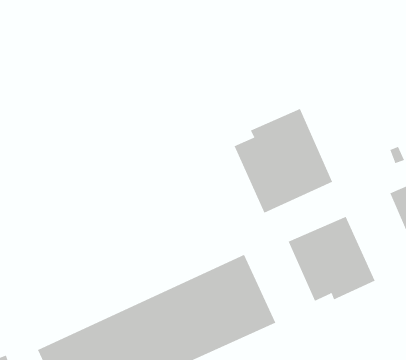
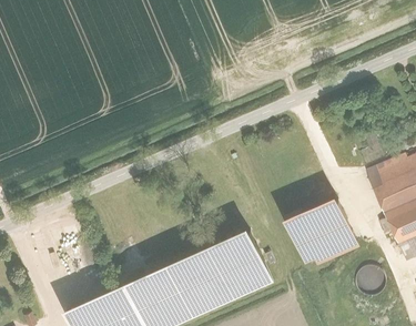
building: [234,108,333,214] -> none

